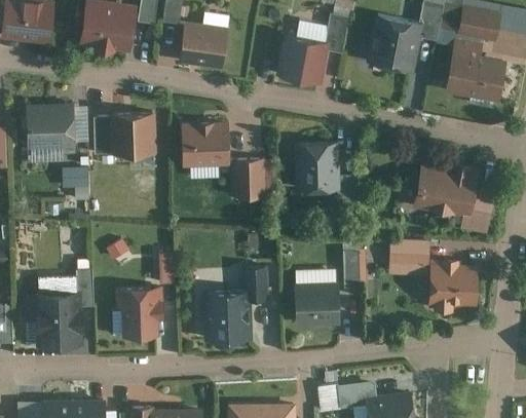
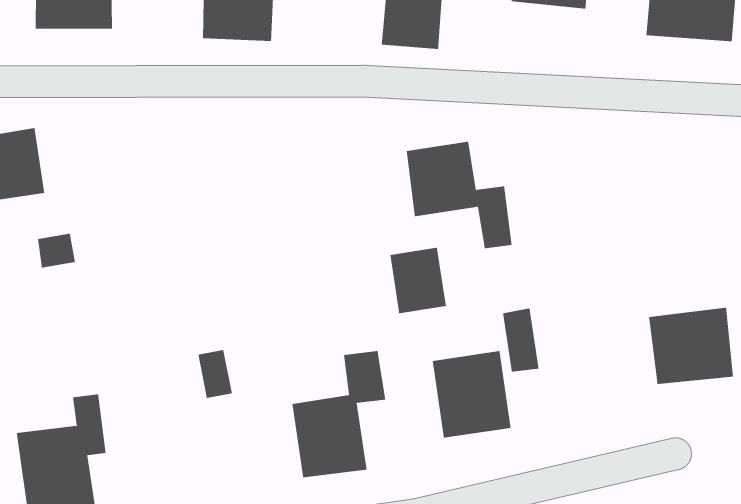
building: [93,113,155,158] -> none
building: [184,125,227,165] -> none
building: [233,160,264,198] -> [389,247,447,314]
building: [414,163,491,228] -> none
building: [390,242,426,273] -> none
building: [118,287,154,336] -> none

